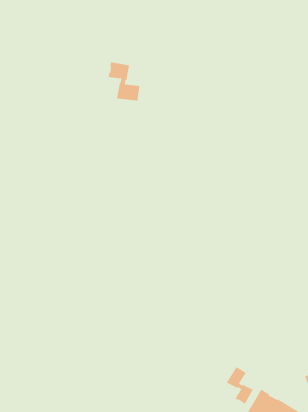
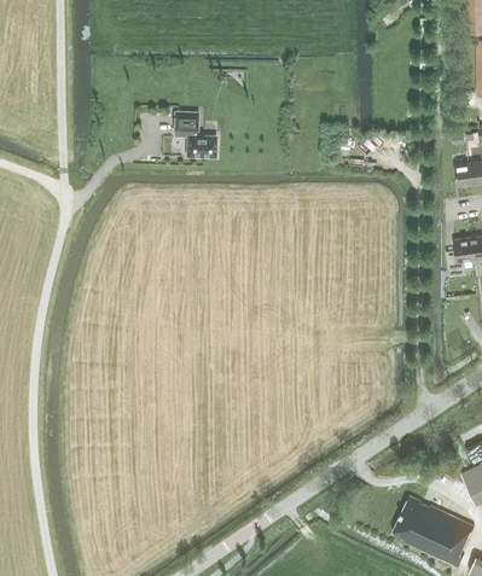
building: [226,366,253,404] -> none

